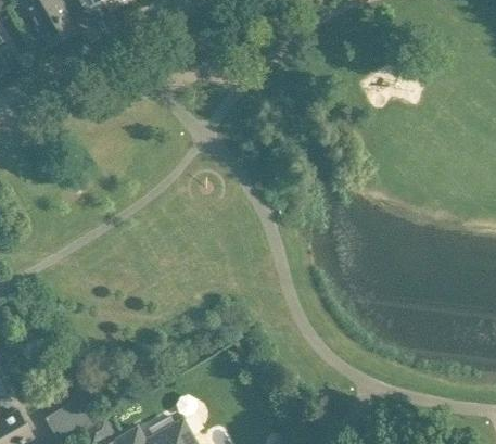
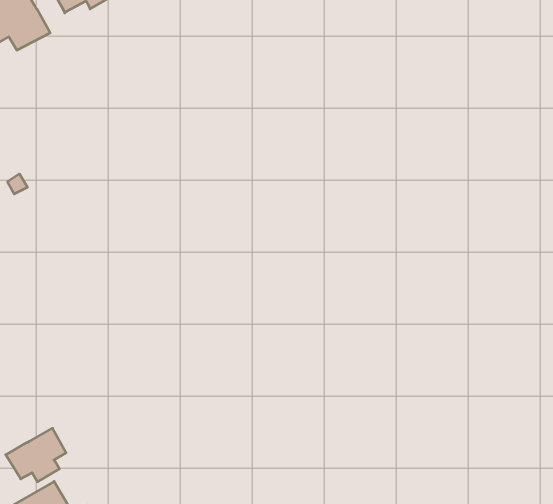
building: none -> [6,428,66,482]

